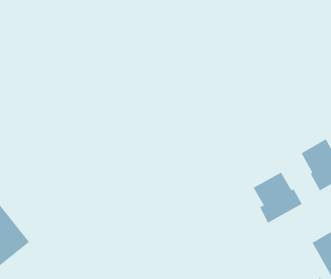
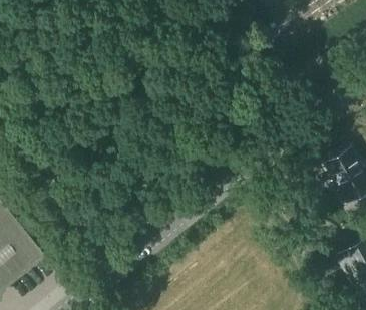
building: [253,172,303,223] -> none

